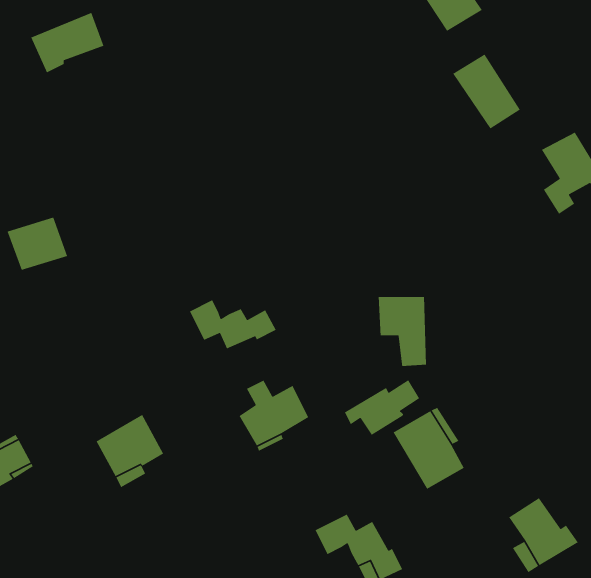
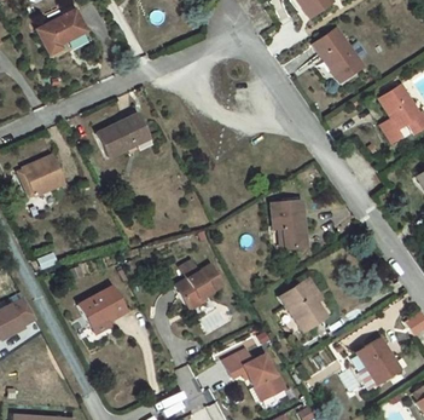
building: none -> [100,114,151,154]
building: [189,299,277,350] -> none
building: [344,379,420,436] -> none

